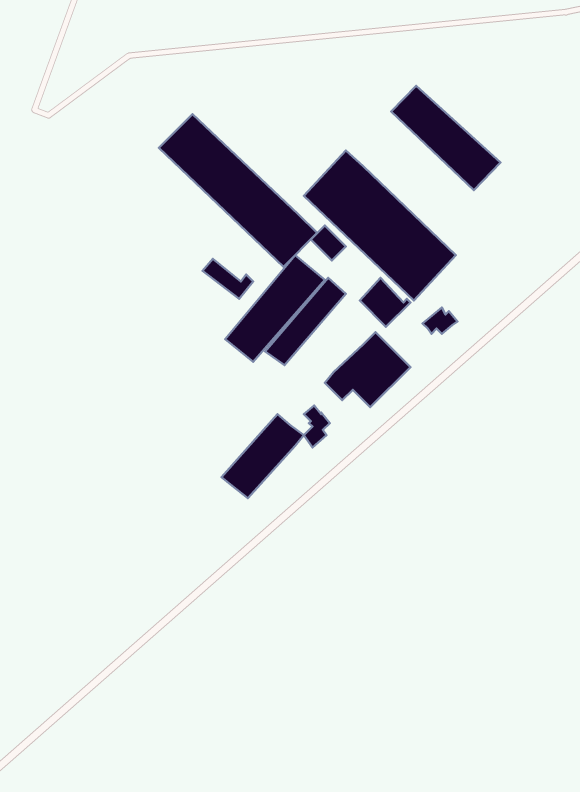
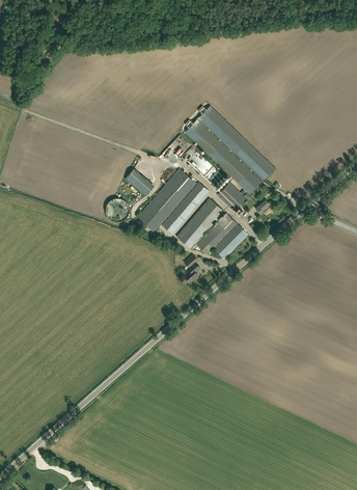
building: [391,86,500,190] -> none
building: [159,114,317,267] -> none
building: [222,414,304,498] -> [176,198,225,248]

